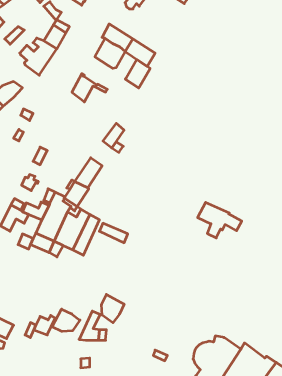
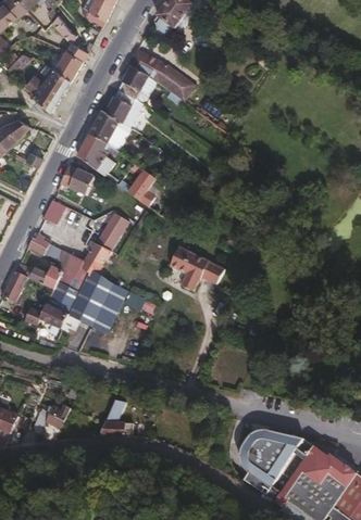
building: [125,60,150,88] -> [104,89,135,124]
building: none -> [77,132,114,177]
building: none -> [60,166,92,194]
building: [198,202,242,238] -> [169,248,223,291]
building: [102,294,124,323] -> none
building: [52,309,80,331] -> none

